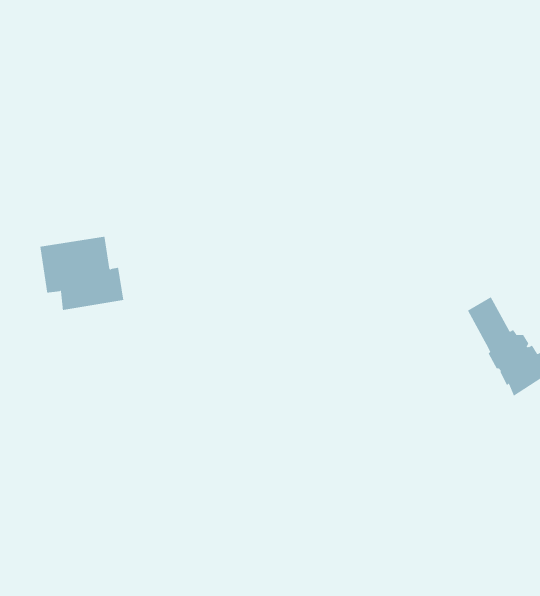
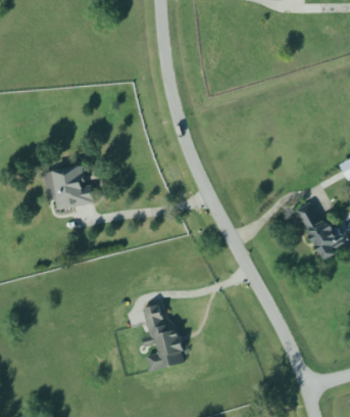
building: none -> [142,305,184,372]

